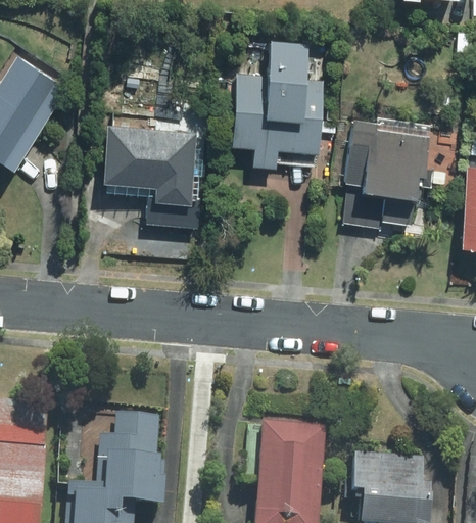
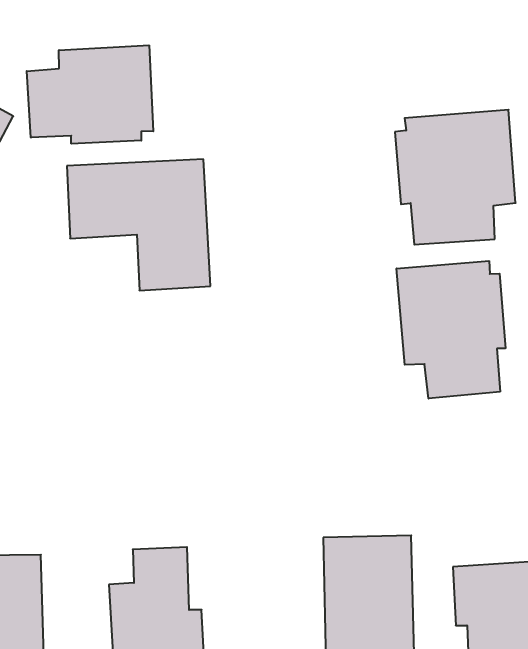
building: [229,41,325,170] -> none
building: none -> [27,45,153,144]
building: none -> [397,261,505,399]

